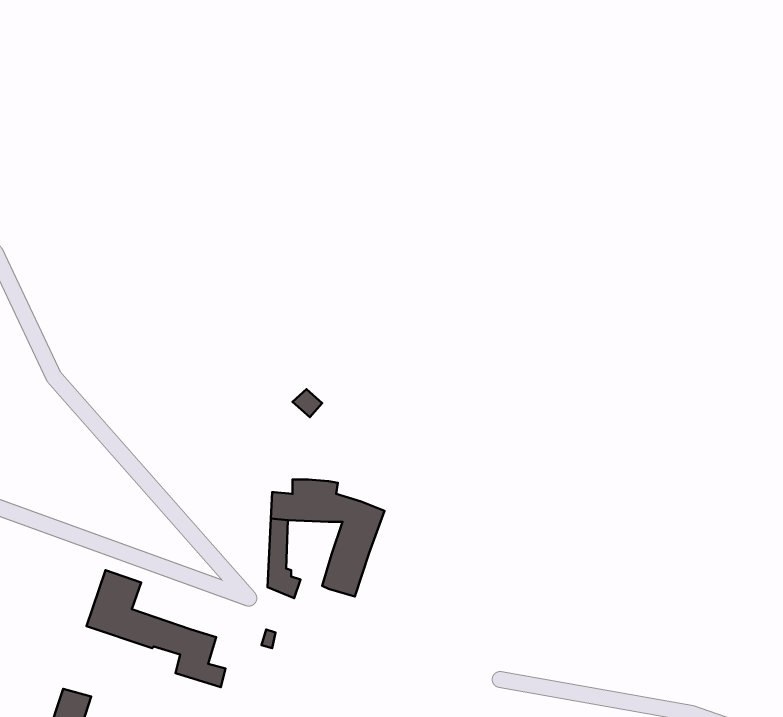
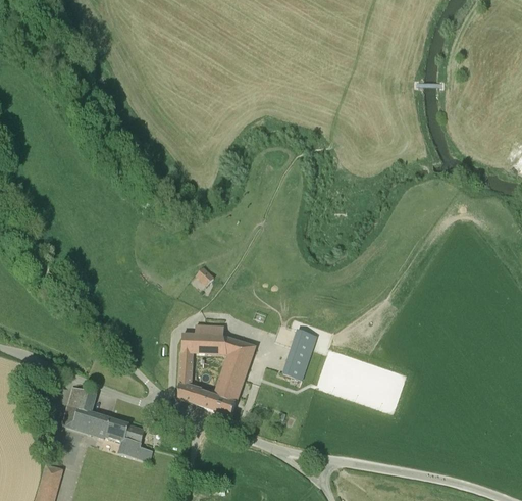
building: none -> [281,329,316,379]
building: none -> [196,392,236,416]

